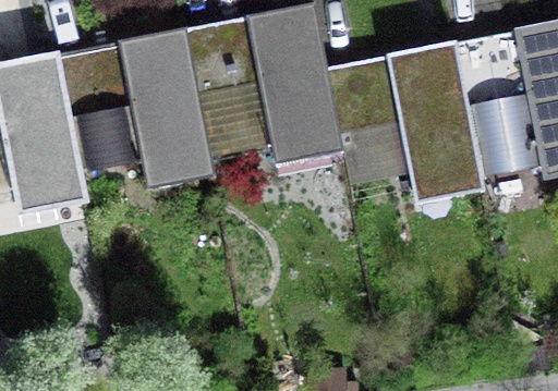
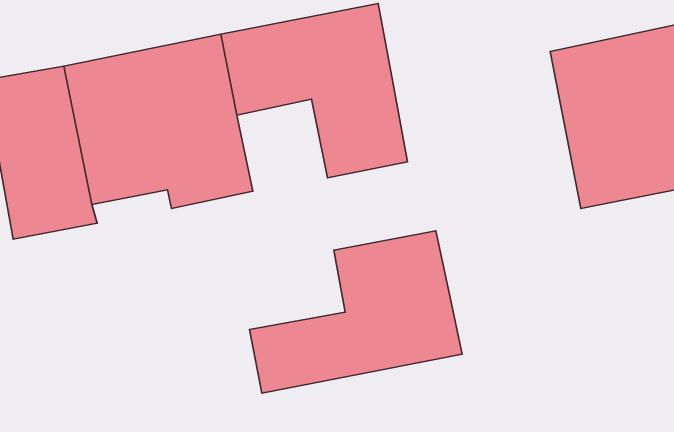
building: [326,45,480,188] -> none
building: none -> [250,231,462,393]

